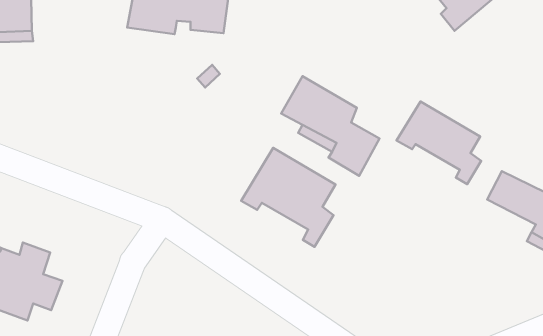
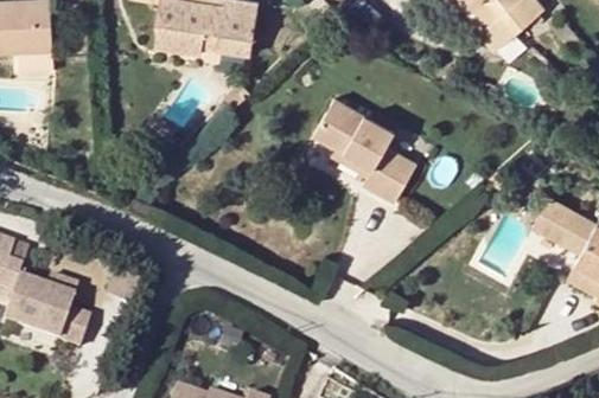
building: [397,101,481,184] -> none
building: [241,148,336,247] -> none

